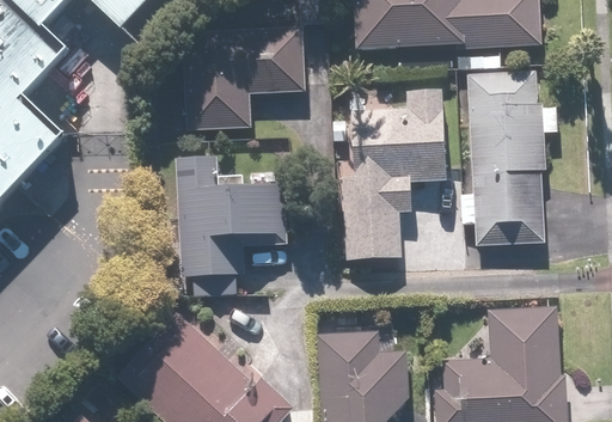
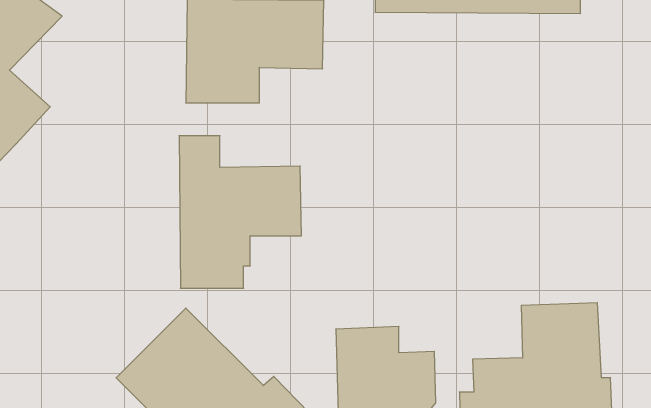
building: [461,69,561,247] -> none
building: [343,92,449,263] -> none

